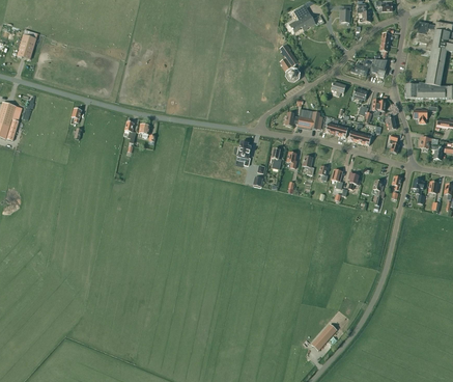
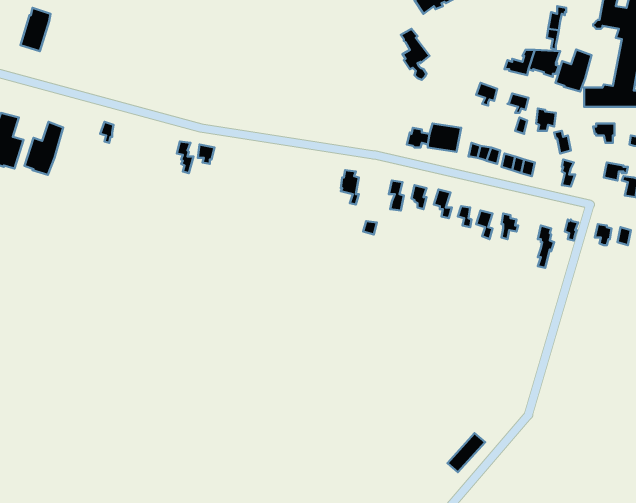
building: none -> [555,49,592,92]
building: none -> [25,122,63,175]

